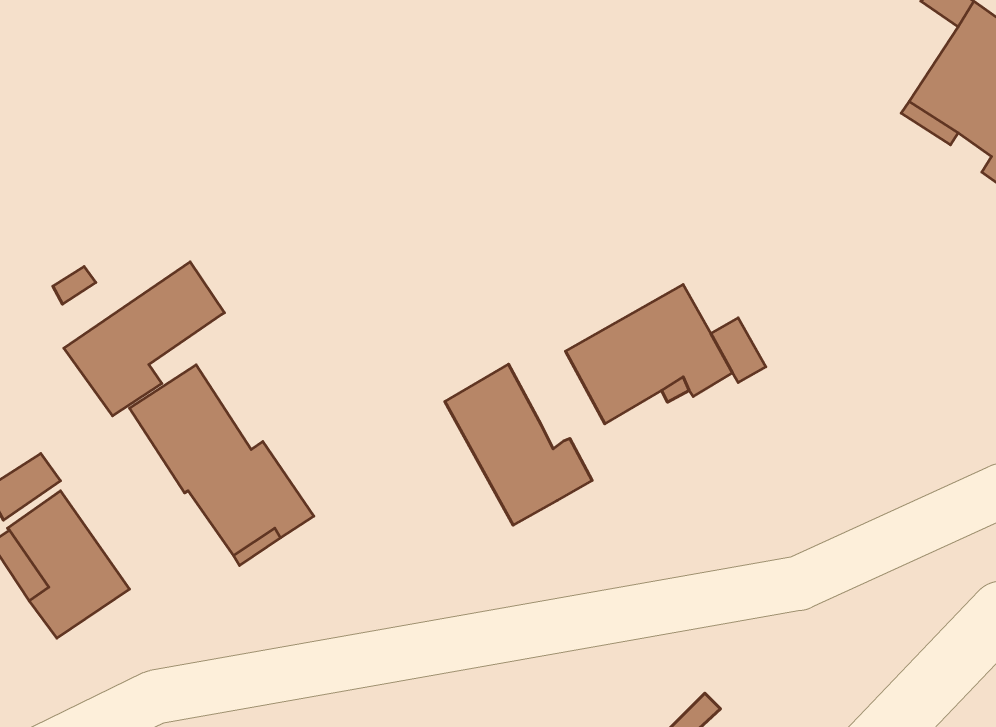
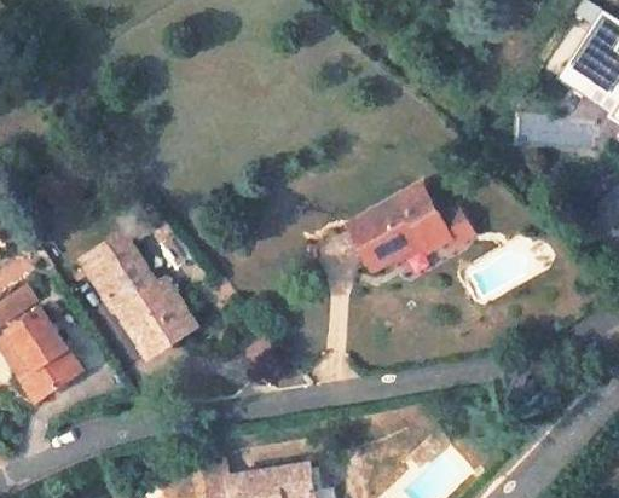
building: [64,262,225,416] -> none
building: [445,364,592,525] -> none

